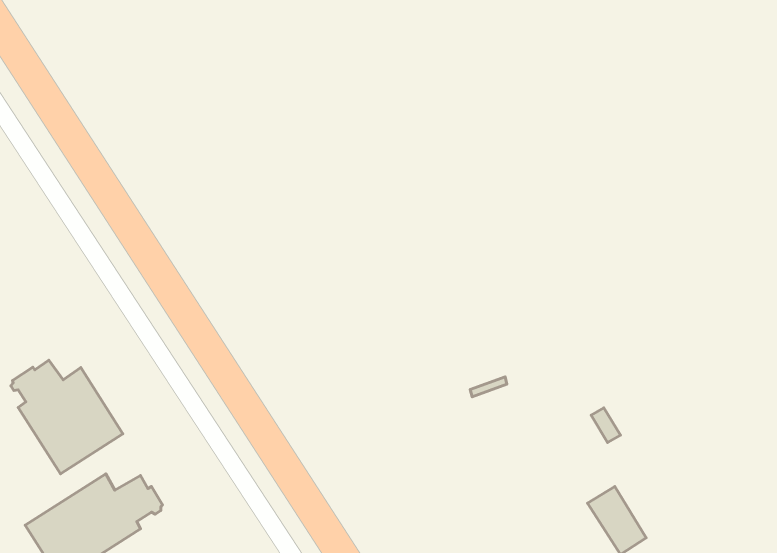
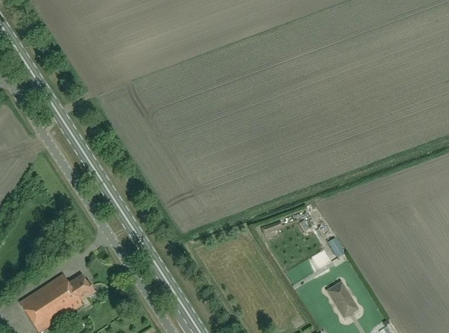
building: [11,360,123,474] -> none

